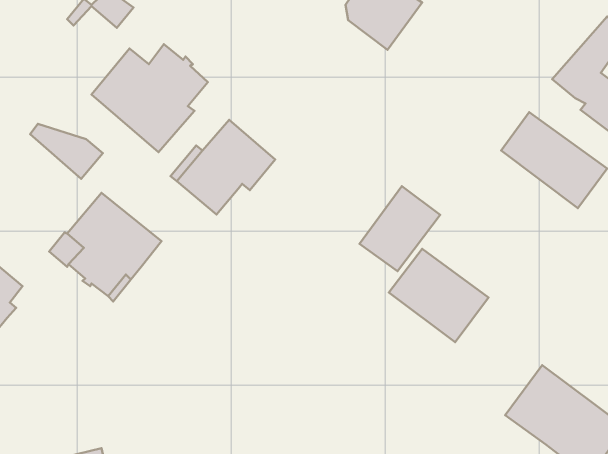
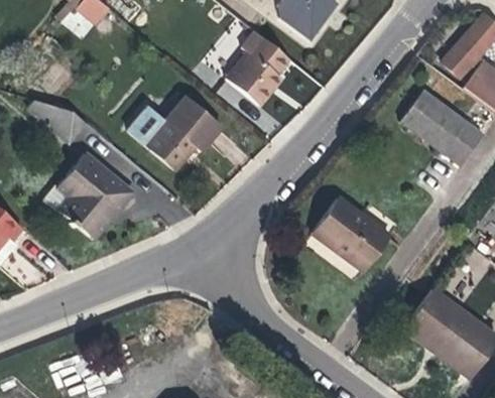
building: none -> [226,30,289,105]
building: [92,44,208,152] -> none
building: [359,186,440,271] -> none

